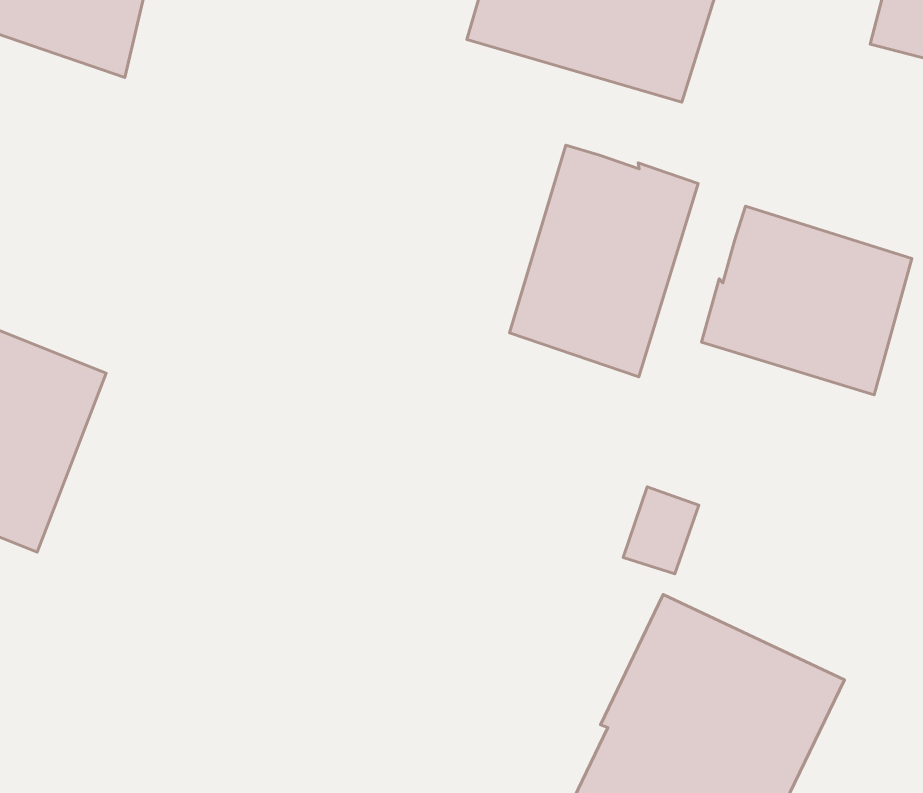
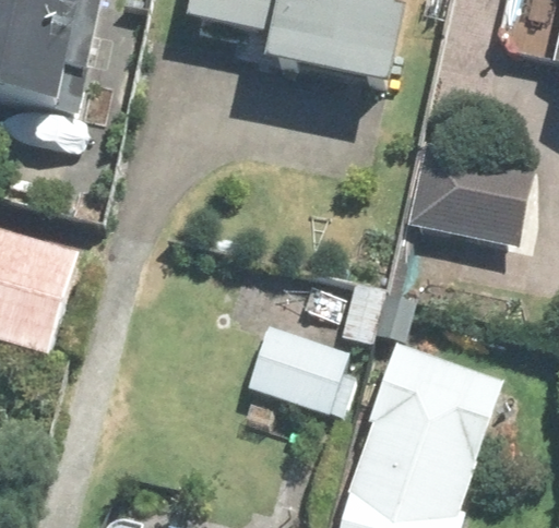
building: [510,145,698,377] -> none
building: none -> [248,295,366,419]

